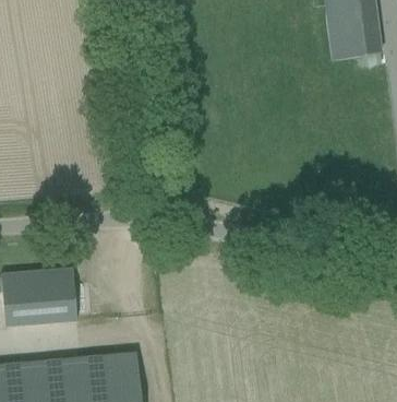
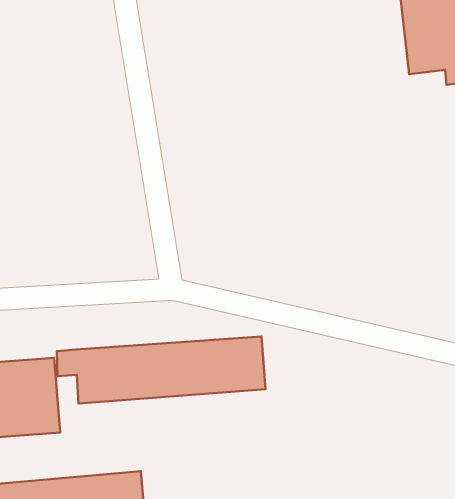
building: none -> [57,337,265,403]

